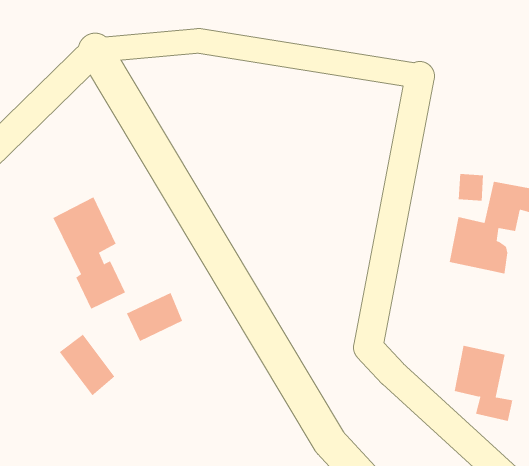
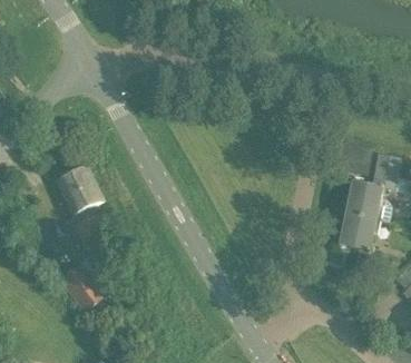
building: [126,292,183,342] -> none
building: [454,345,513,422] -> [339,213,382,268]

